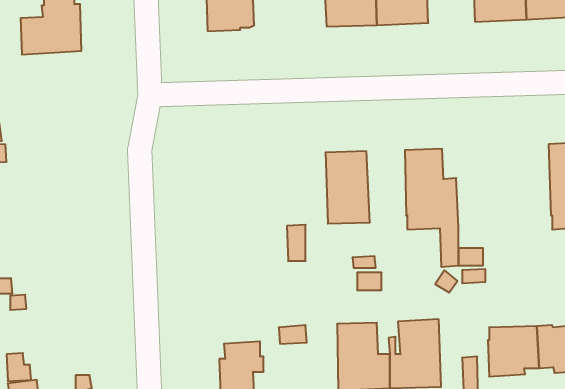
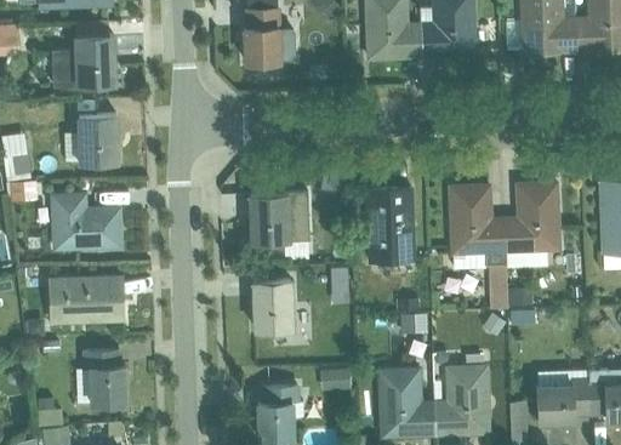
building: none -> [64,114,118,164]
building: none -> [503,182,559,267]
building: none -> [52,192,120,249]
building: none -> [250,192,309,243]
building: none -> [49,276,123,323]
building: none -> [253,280,294,330]
building: none -> [75,350,126,404]

